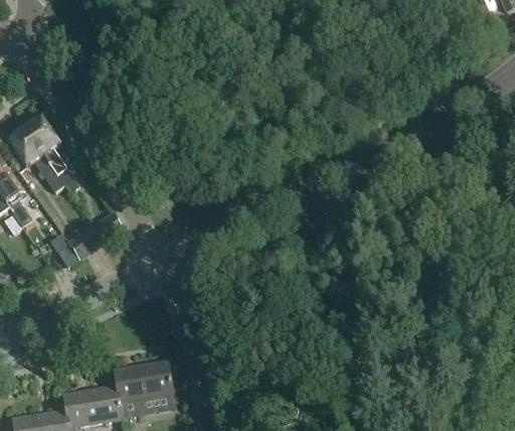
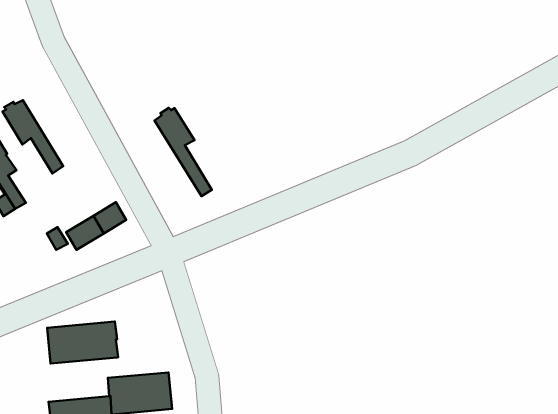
building: [25,116,79,192] -> [154,108,212,196]
building: none -> [47,322,118,364]

